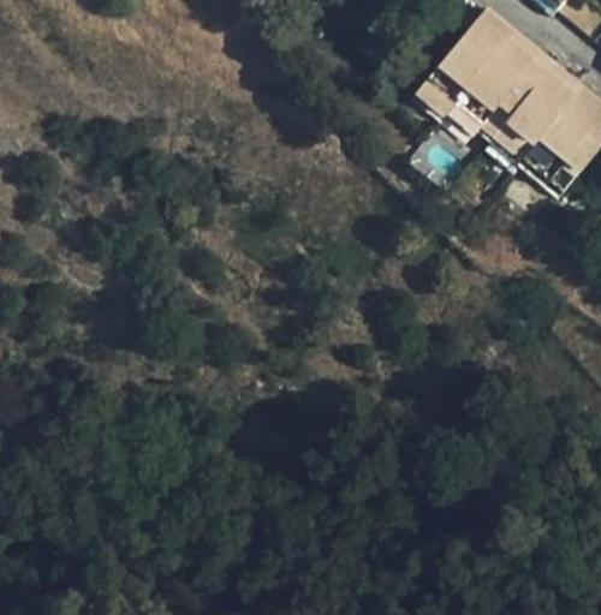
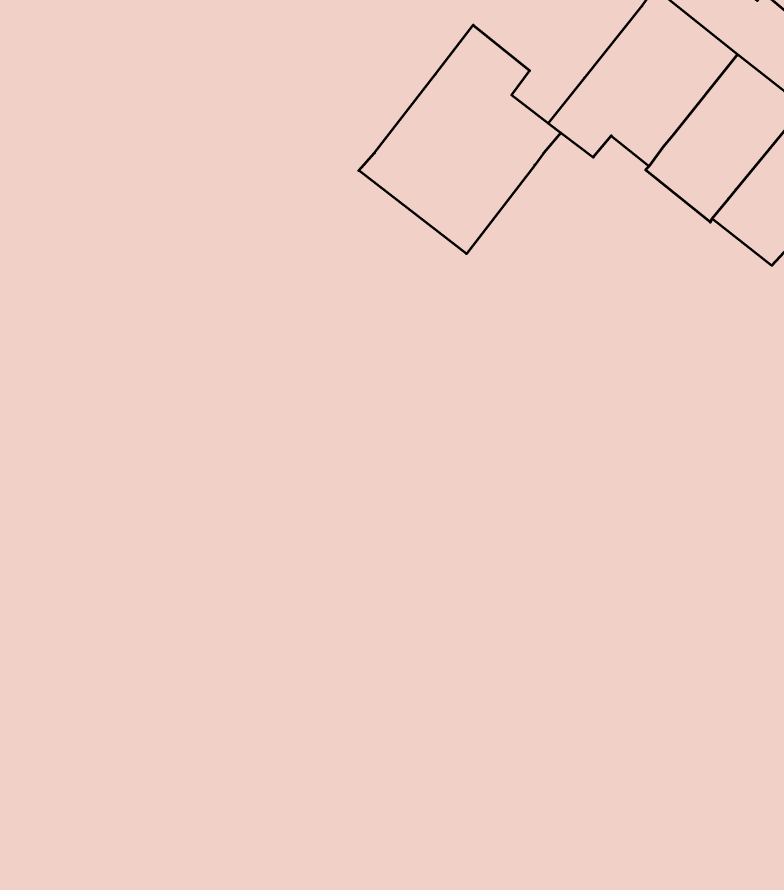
building: none -> [359,25,561,254]

